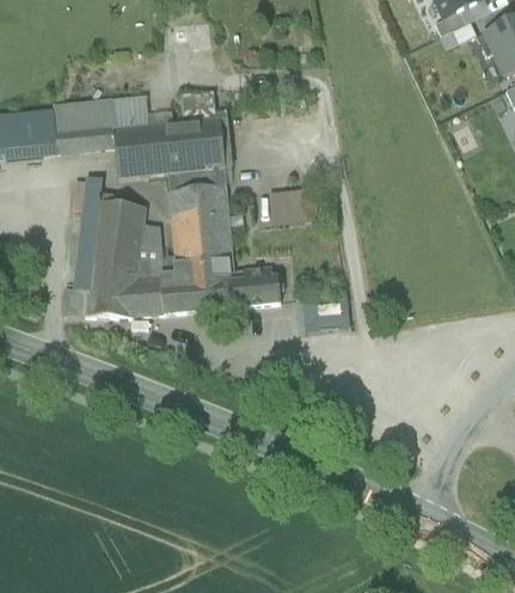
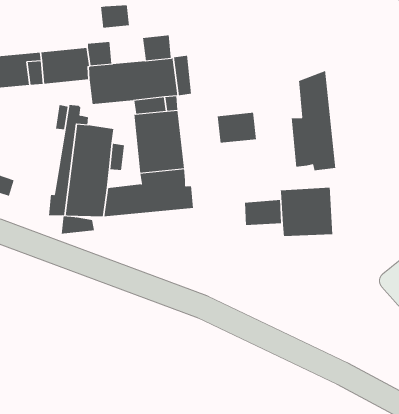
building: none -> [100,5,129,29]
building: none -> [291,70,336,171]
building: [136,257,178,280] -> [61,216,95,234]
building: [233,264,280,305] -> none
building: none -> [280,187,333,237]

